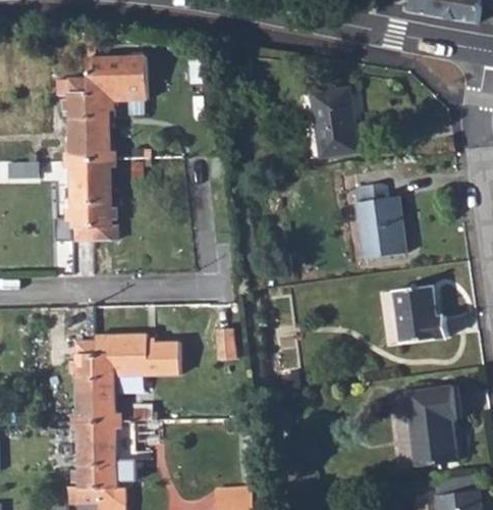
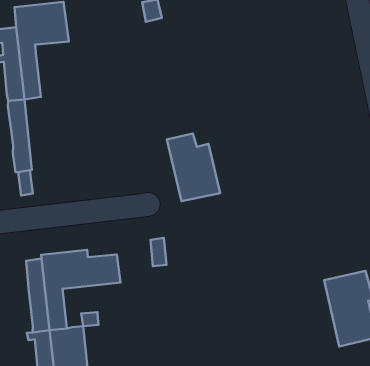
building: [296,86,359,154] -> none
building: [90,159,116,240] -> none
building: [353,184,407,258] -> [167,133,220,201]
building: [394,285,449,343] -> none

